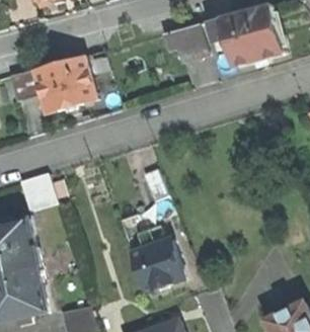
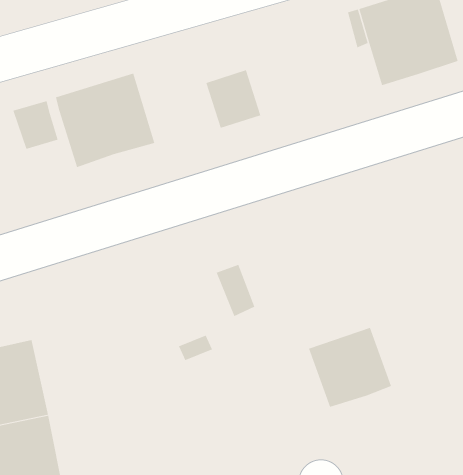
building: [177,19,212,56] -> [205,70,261,129]
building: [16,173,54,211] -> none
building: [129,241,180,290] -> [308,327,392,407]

